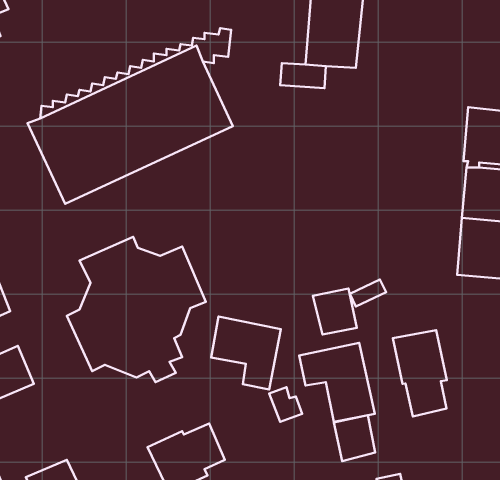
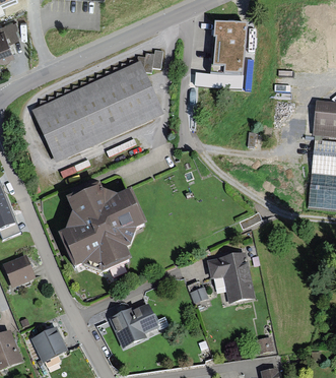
building: [313,288,357,335] -> none
building: [211,316,281,389] -> none
building: [393,330,447,416] -> none
building: [334,415,375,461] -> none

